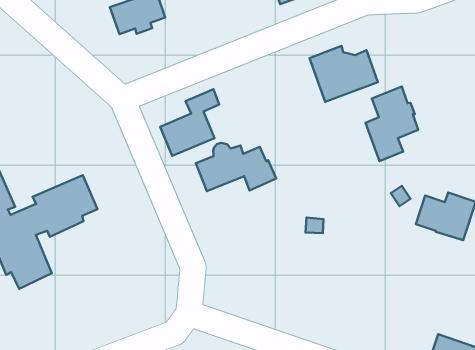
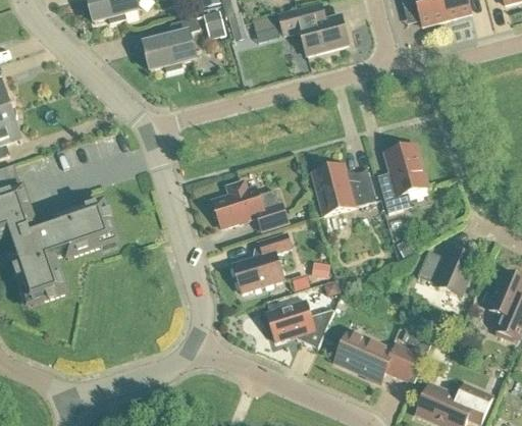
building: [310,46,378,102] -> [312,163,375,215]
building: [160,89,219,156] -> [232,232,291,292]
building: none -> [267,301,334,348]
building: none -> [335,331,433,381]

